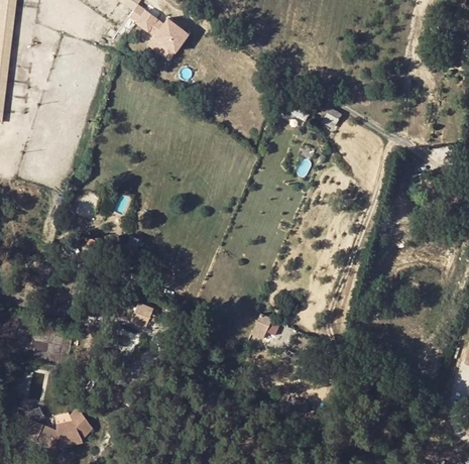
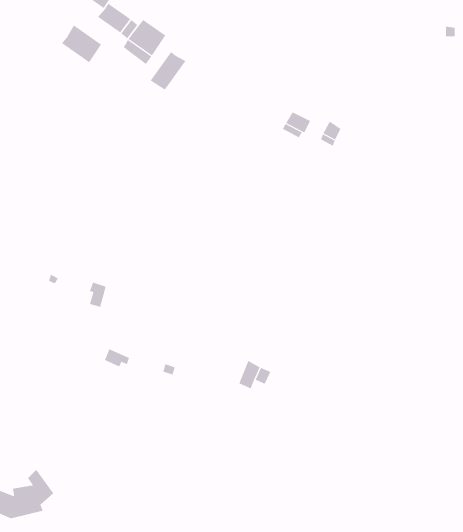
building: none -> [61,25,102,63]
building: none -> [150,51,186,90]

